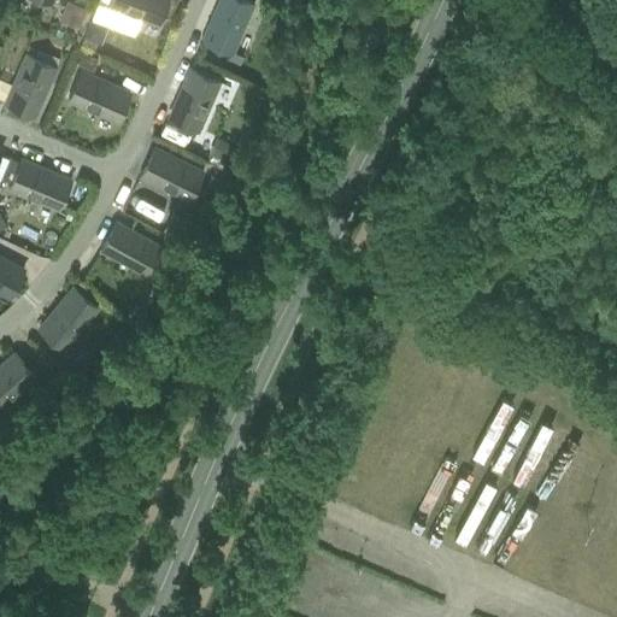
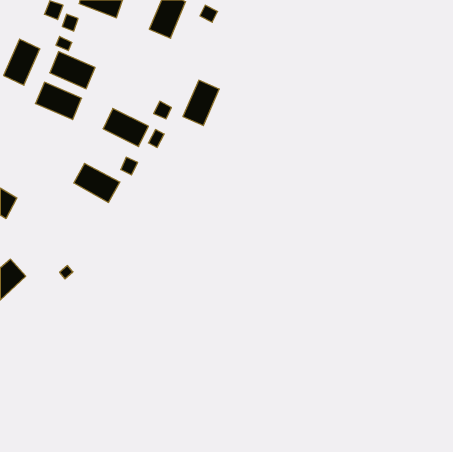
building: [170,71,219,133] -> [183,80,219,126]
building: [8,160,71,211] -> [35,82,82,120]
building: [40,289,98,351] -> none

